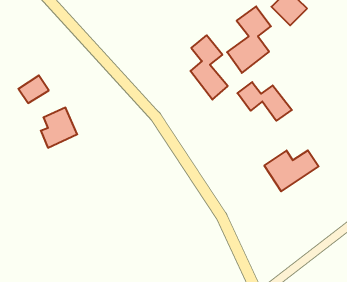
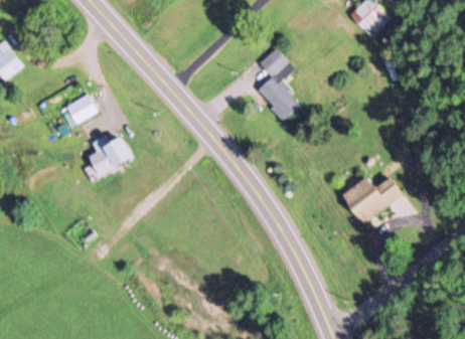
building: [227,6,271,73] -> none
building: [237,82,292,121] -> none

